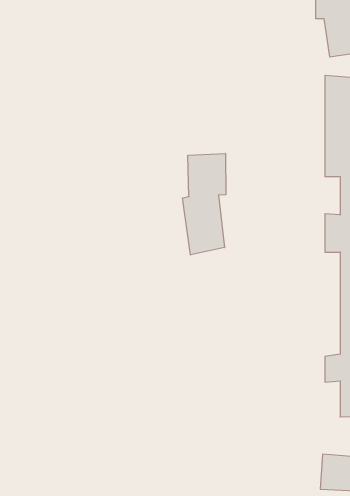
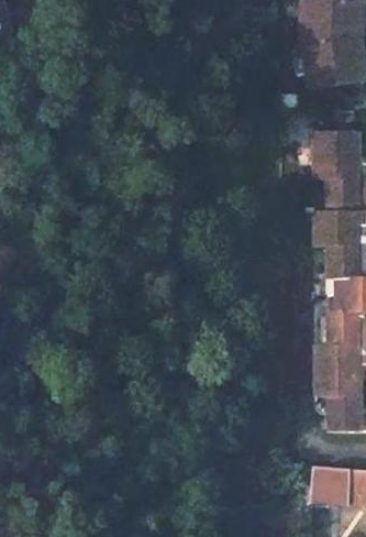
building: [183,153,226,255] -> none

